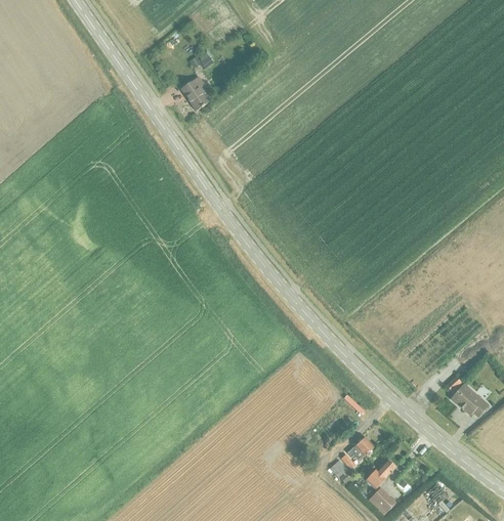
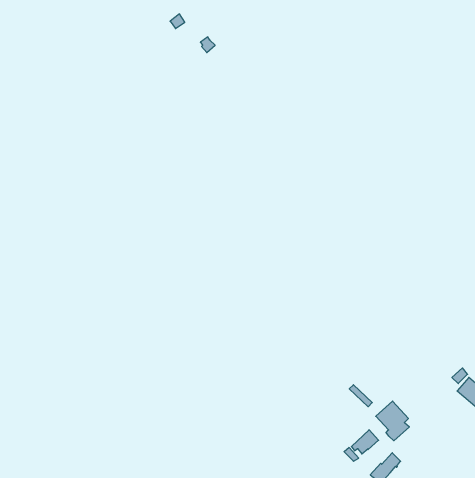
building: [181,76,209,111] -> none
building: none -> [376,401,409,441]

